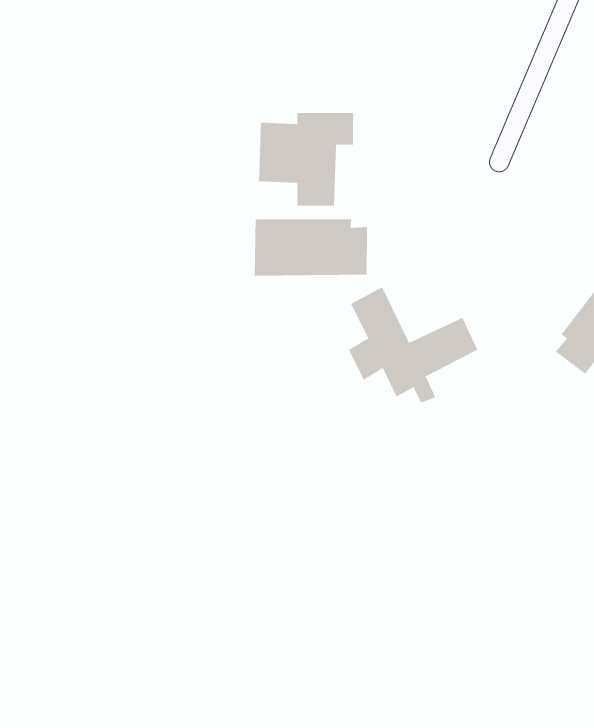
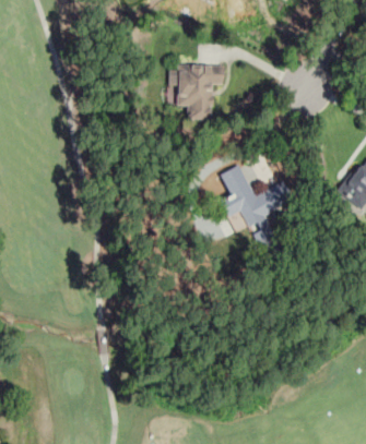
building: [254,218,368,277] -> none

